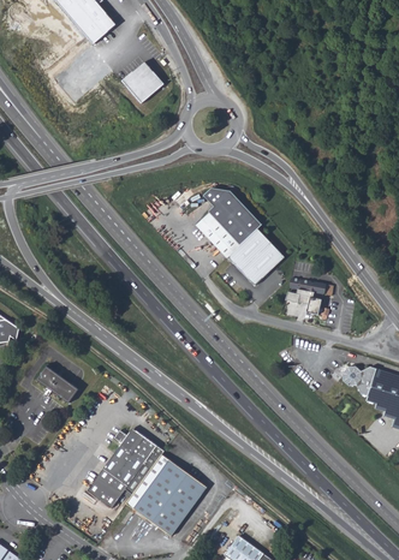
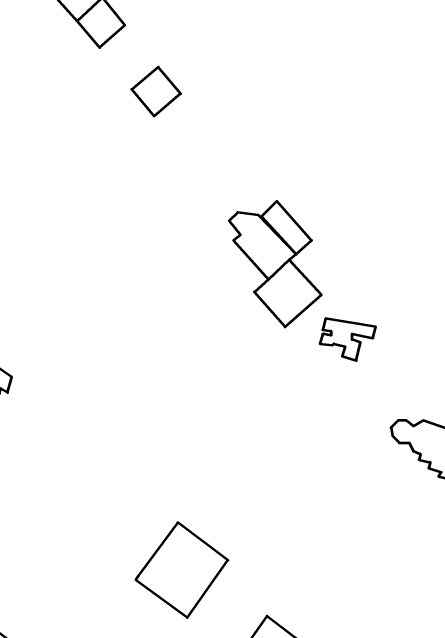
building: [196,212,239,257] -> [261,201,312,254]
building: [36,368,77,404] -> none
building: [85,430,161,508] -> none

